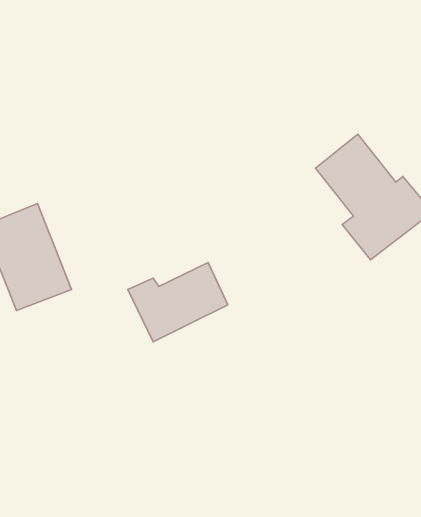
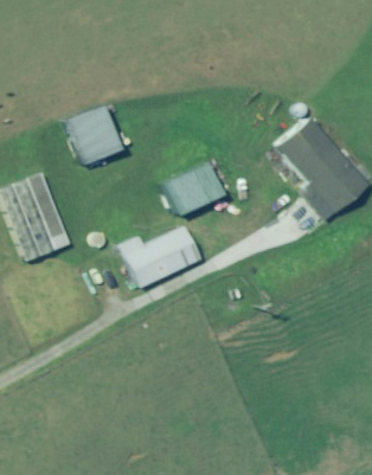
building: none -> [64,102,124,167]
building: none -> [163,162,224,217]

